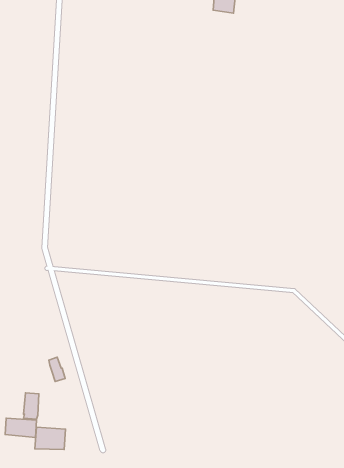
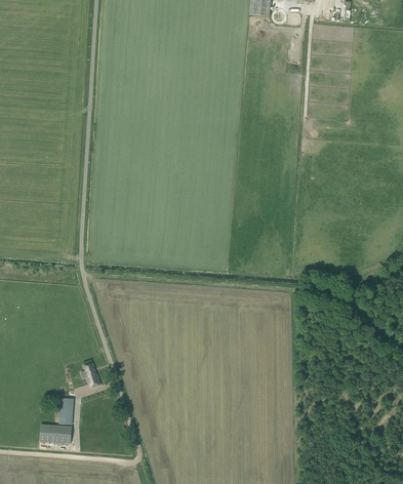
building: [35,427,66,449] -> none

